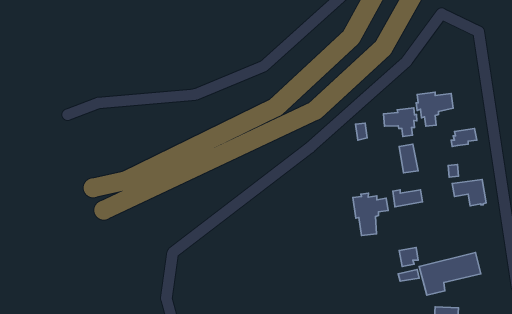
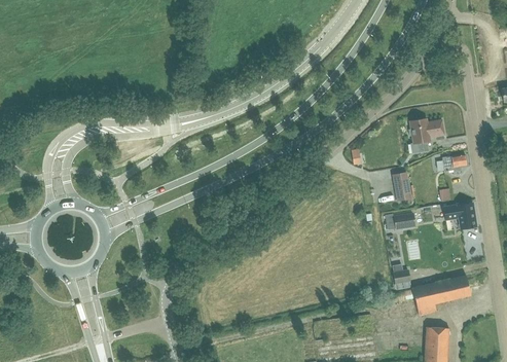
building: [383,108,417,137] -> none
building: [353,193,388,236] -> none

